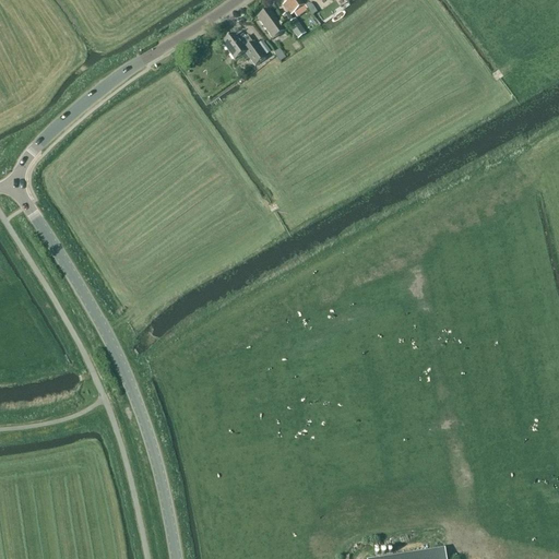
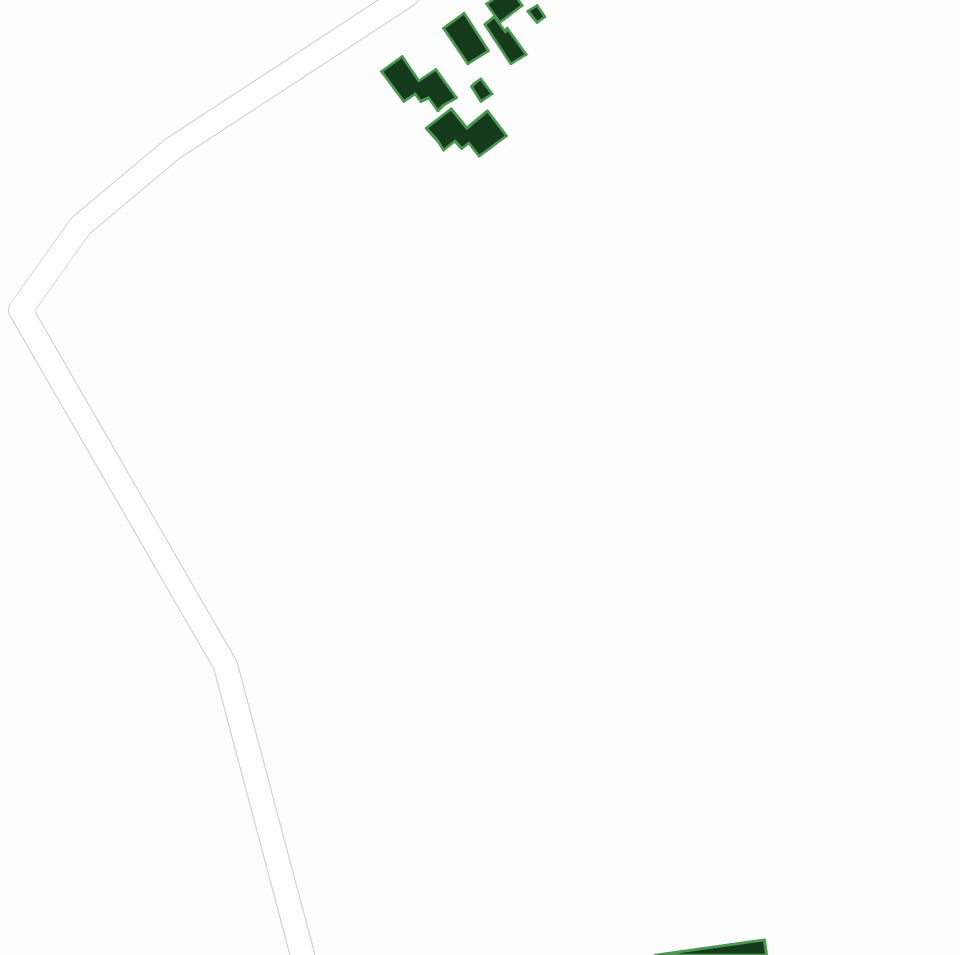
building: none -> [426,109,506,156]

